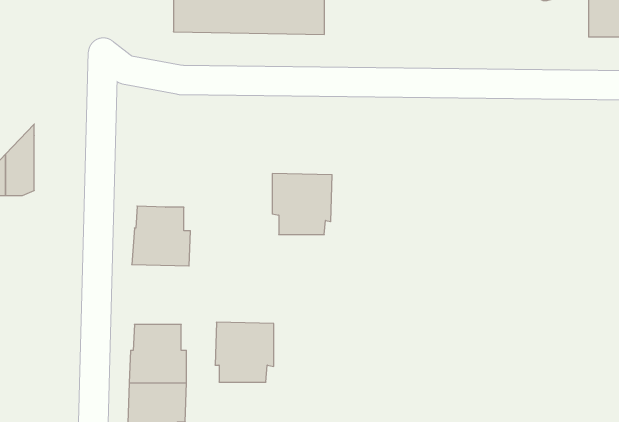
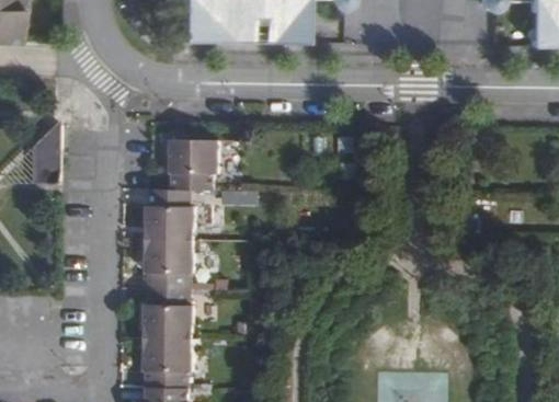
building: [272,174,332,235] -> [168,138,218,189]
building: [215,322,274,382] -> [144,238,193,288]

